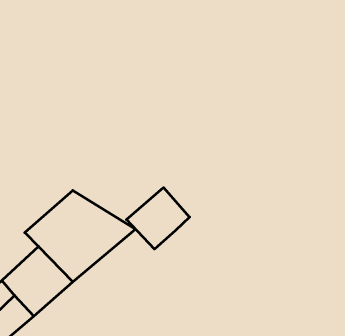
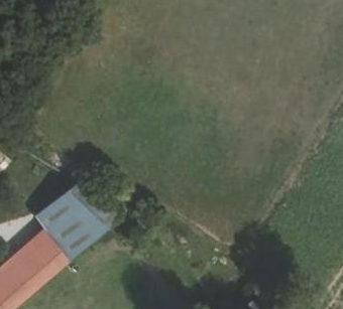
building: [126,188,190,249] -> none

